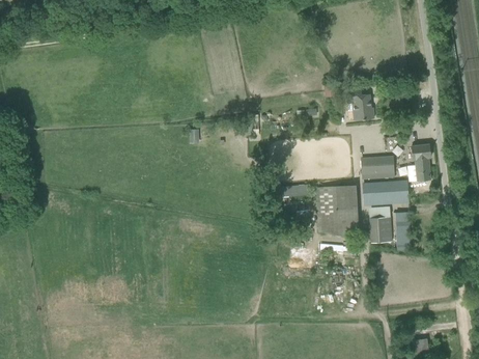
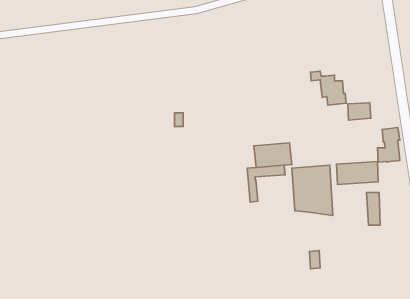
building: [361,157,386,175] -> [348,103,371,120]
building: none -> [254,143,292,167]
building: [369,217,393,243] -> none

